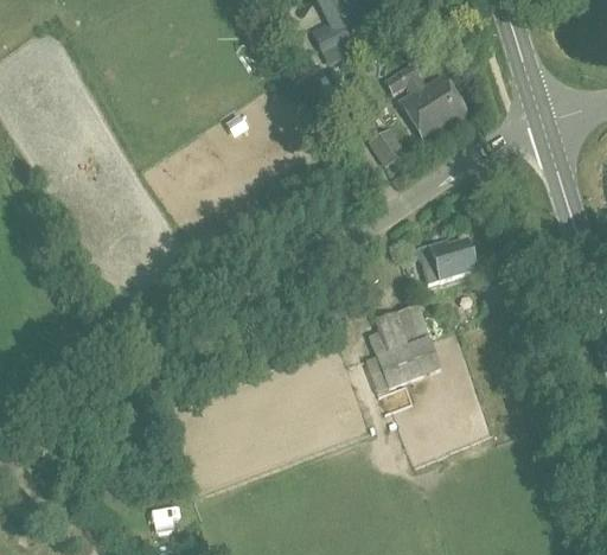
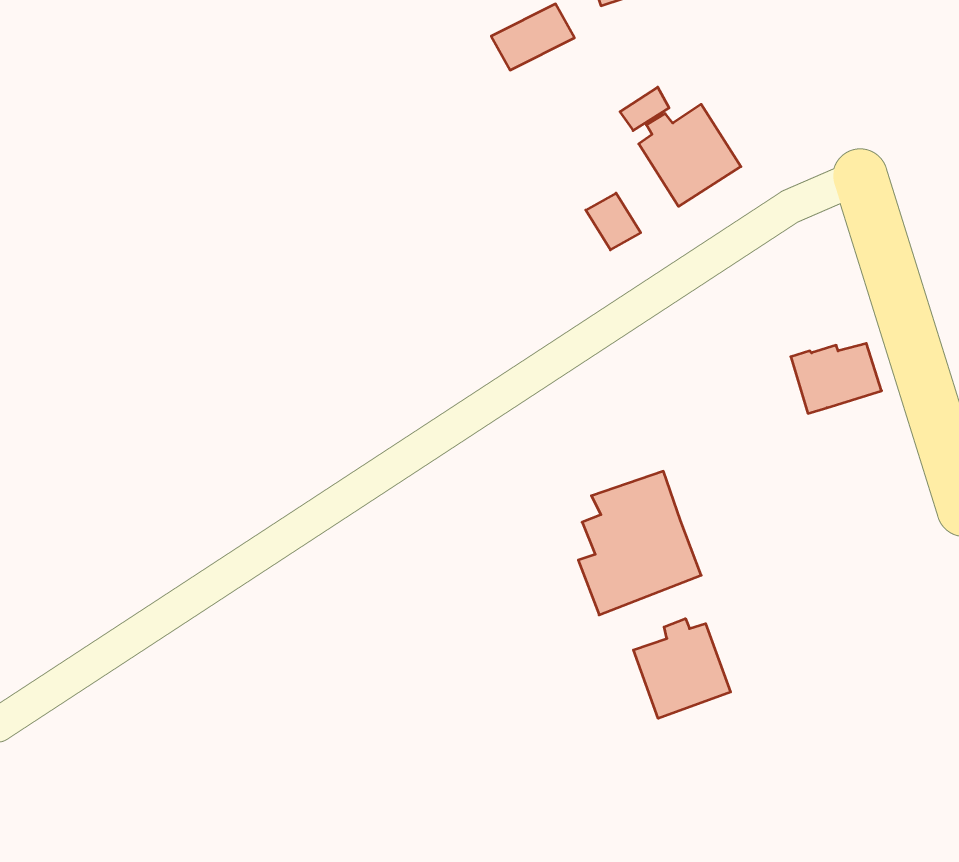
building: [416,241,473,285] -> [791,343,882,413]
building: none -> [633,619,731,718]

